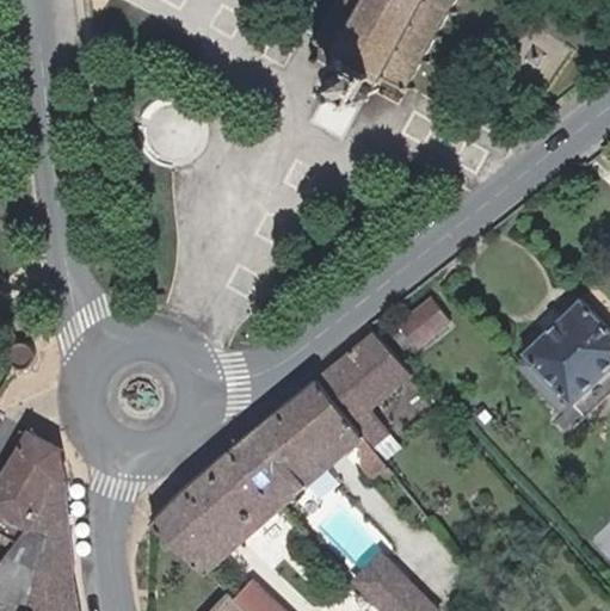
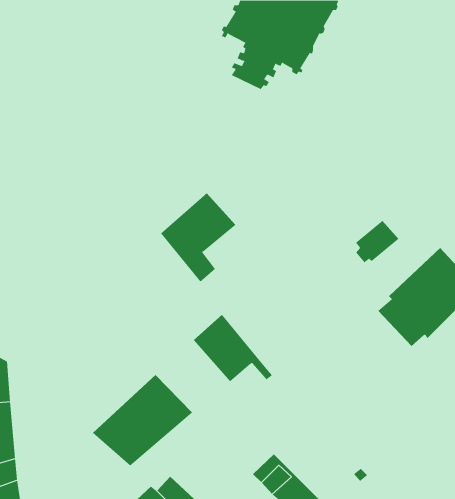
building: [392,301,445,353] -> [355,220,399,263]
building: [318,333,411,443] -> [160,193,236,282]
building: [236,415,327,504] -> none

